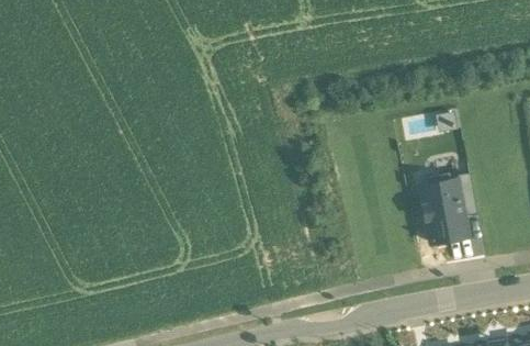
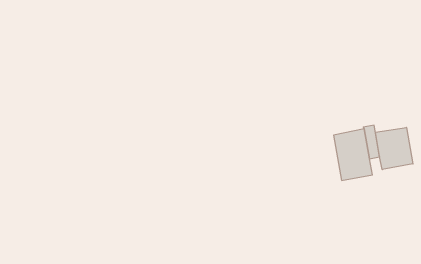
building: none -> [375,127,413,170]

